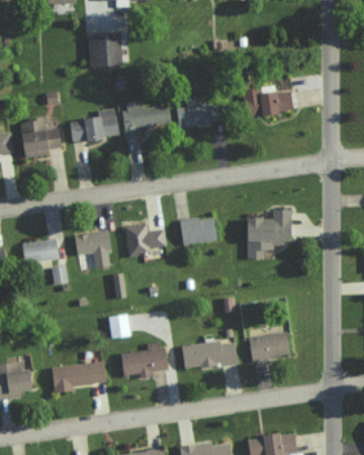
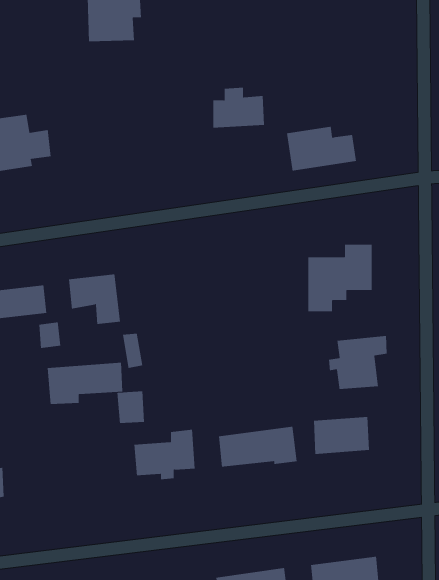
building: [243,85,293,117] -> [286,126,357,171]
building: [122,100,171,137] -> none
building: [69,108,119,143] -> none
building: [181,217,217,244] -> none
building: [124,223,167,256] -> none
building: none -> [329,335,387,390]
building: [52,362,106,392] -> [47,362,123,405]

